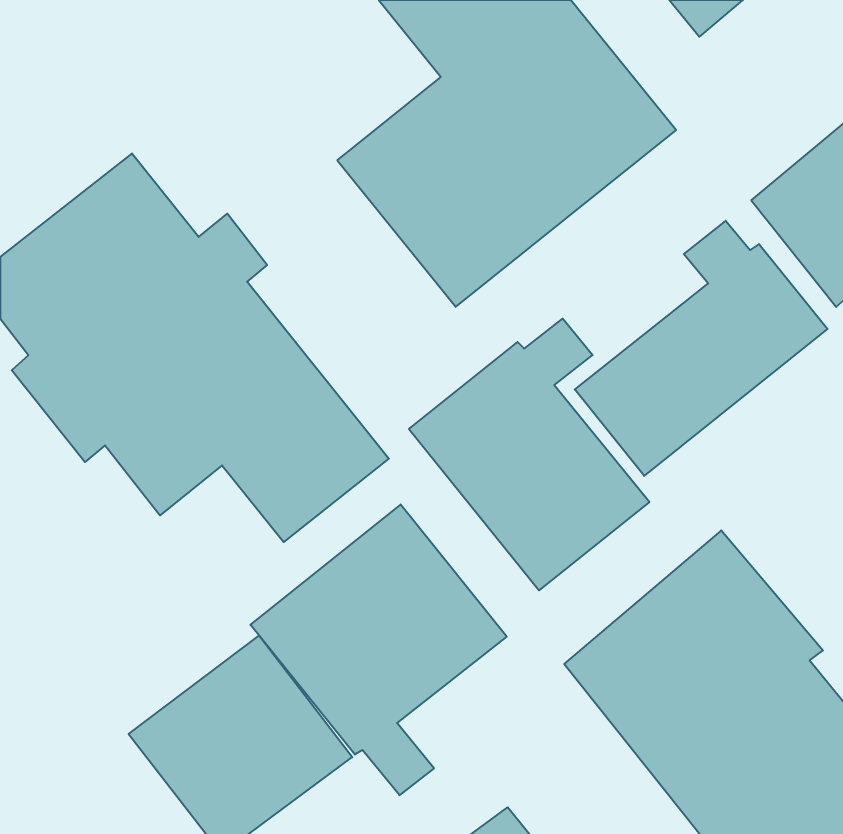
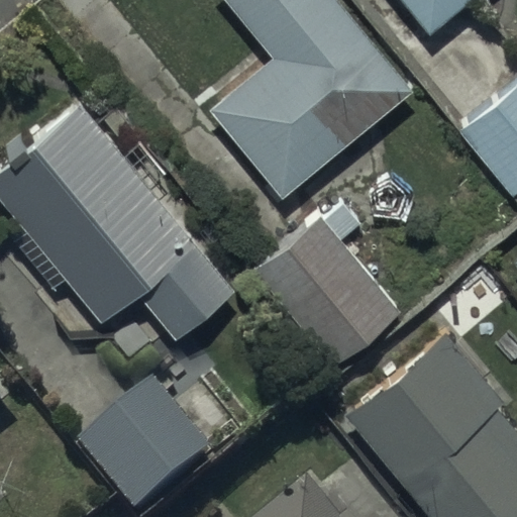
building: [575,221,828,476] -> none
building: [250,504,507,795] -> none

